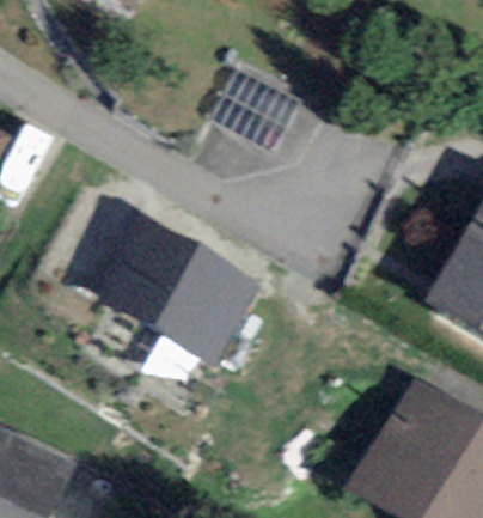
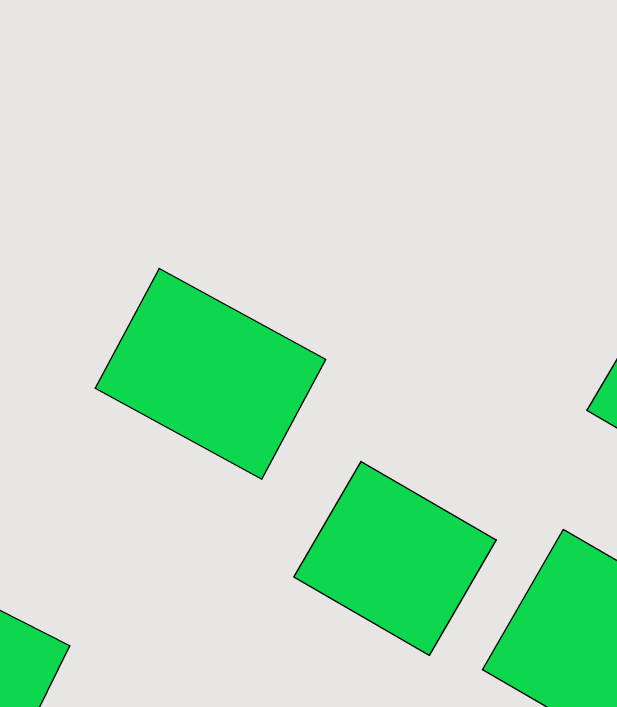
building: none -> [294,461,496,655]

